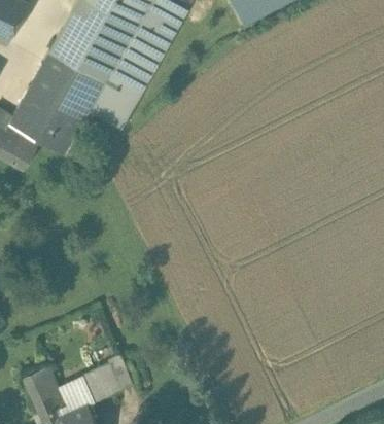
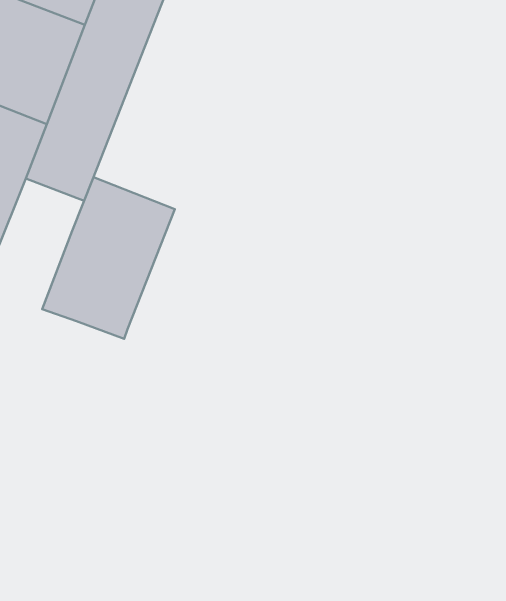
building: none -> [42,177,175,339]

